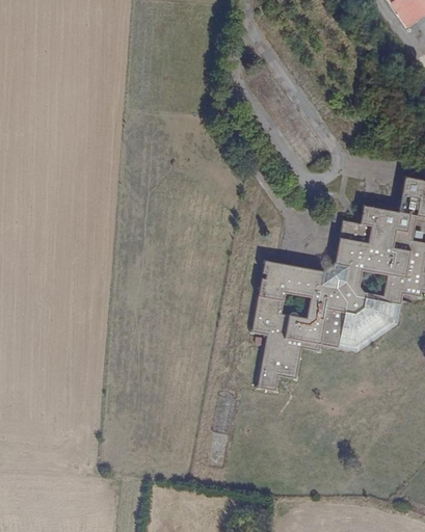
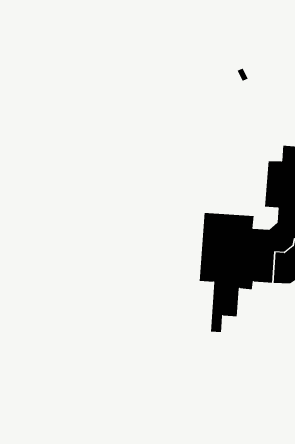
building: [322,264,351,289] -> none

